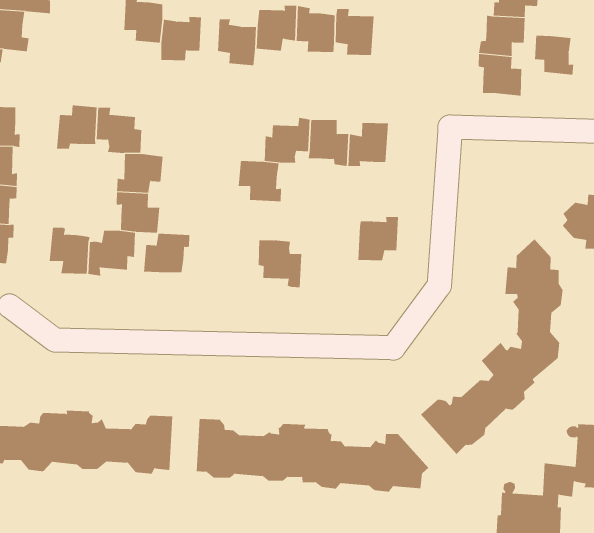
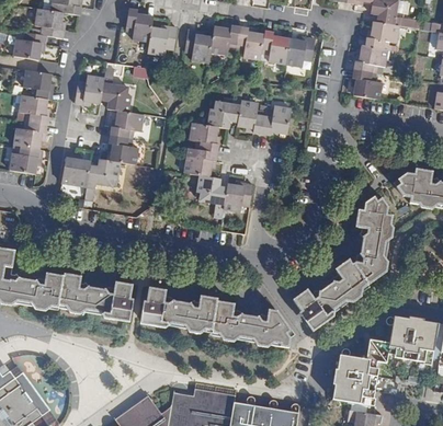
building: none -> [284,37,314,66]
building: [535,35,574,75] -> none
building: [357,217,399,261] -> [223,182,252,210]
building: [143,233,190,273] -> [183,148,216,175]

